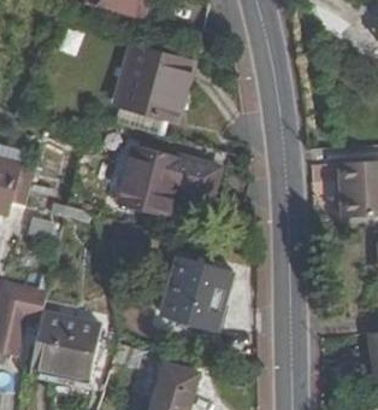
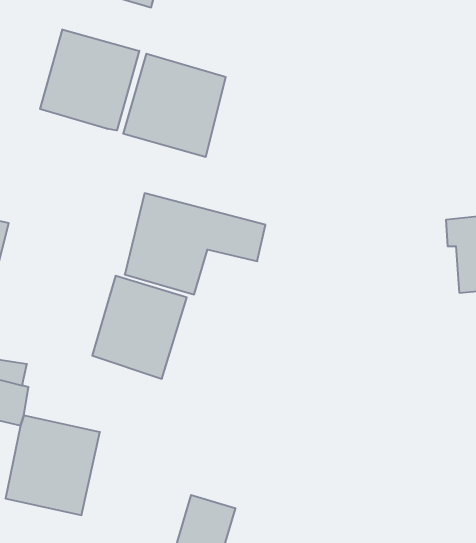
building: none -> [40,29,139,130]
building: [165,253,234,328] -> [92,276,187,379]

